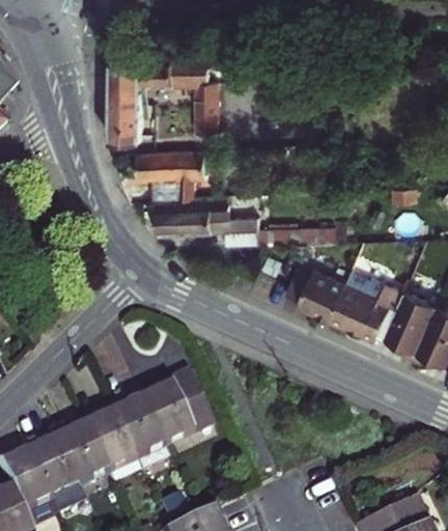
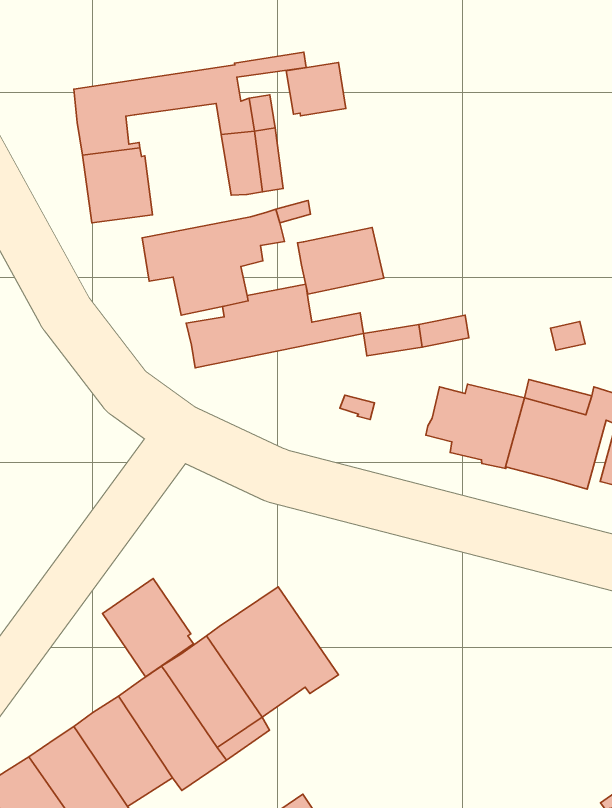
building: none -> [286,63,346,116]
building: none -> [297,227,384,294]
building: none -> [102,579,193,677]

